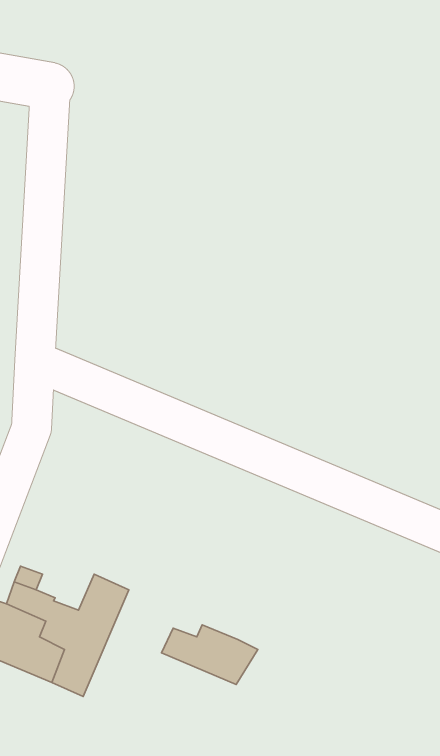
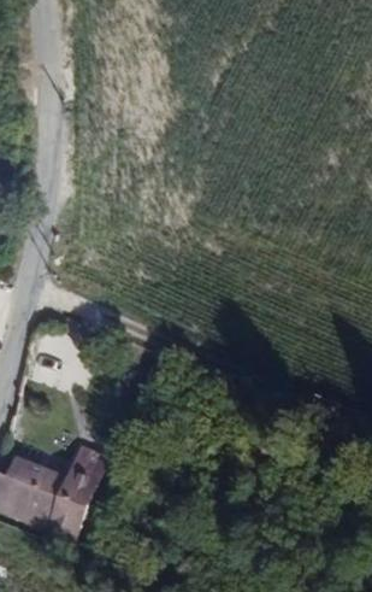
building: [162,625,258,685] -> none

